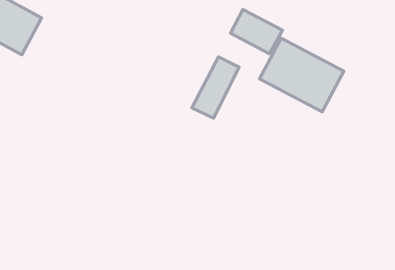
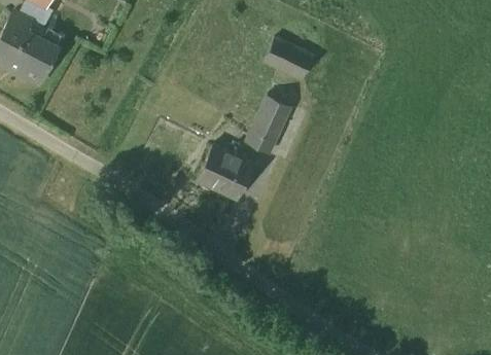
building: [260,38,344,112] -> none
building: none -> [196,144,265,206]

